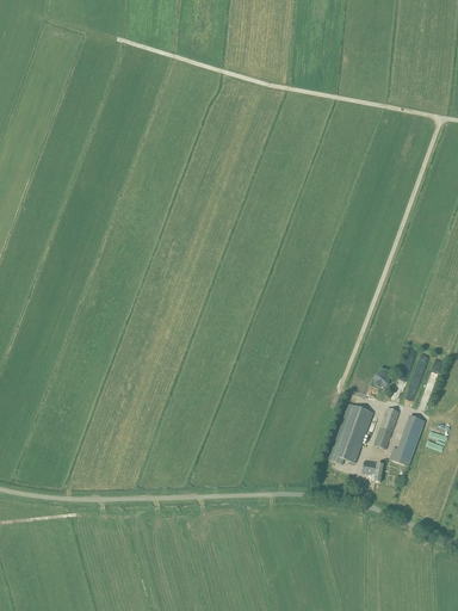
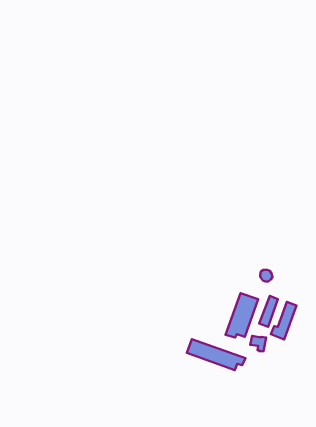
building: none -> [187,339,246,370]

